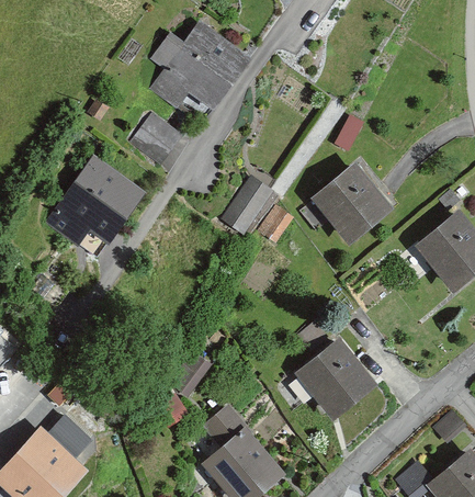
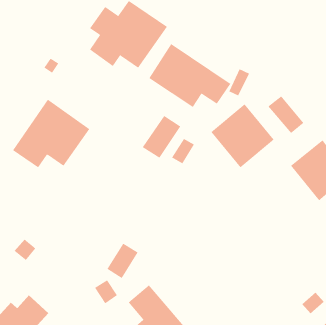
building: none -> [149,43,231,108]
building: [129,115,180,162] -> none
building: none -> [267,95,304,134]
building: [289,325,380,423] -> none

